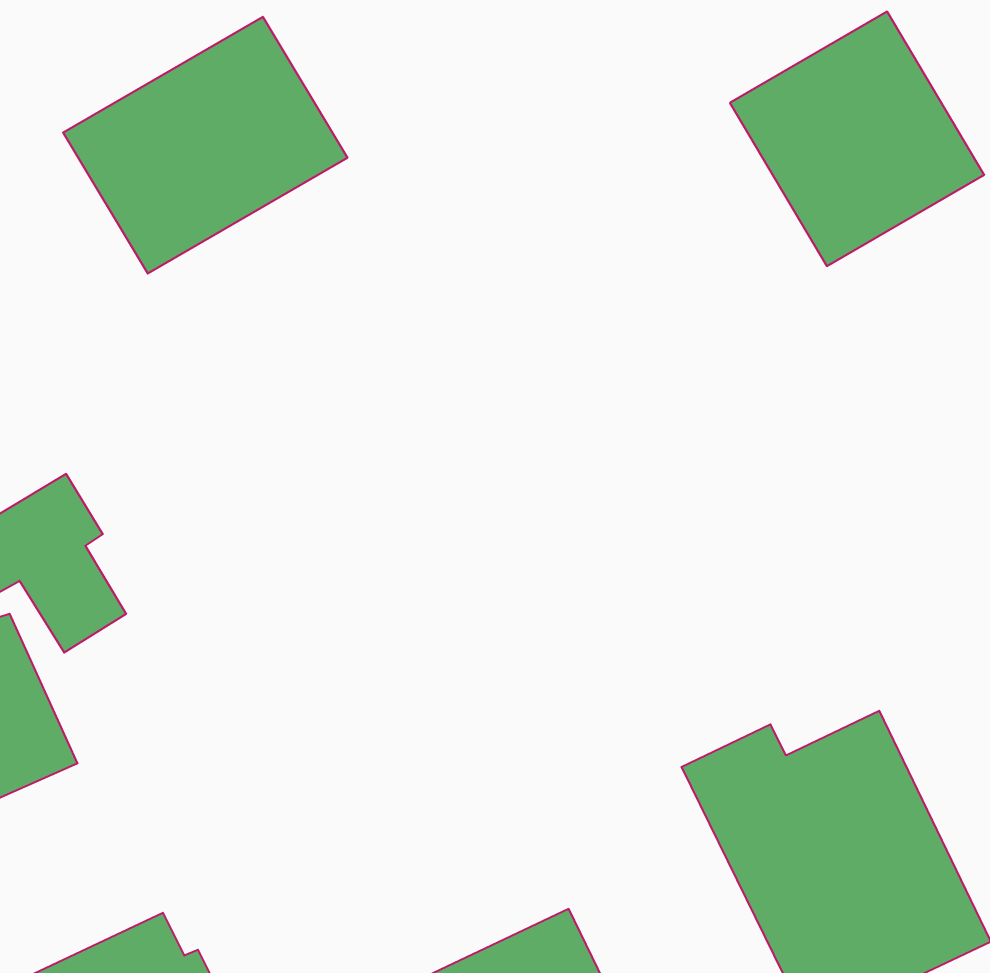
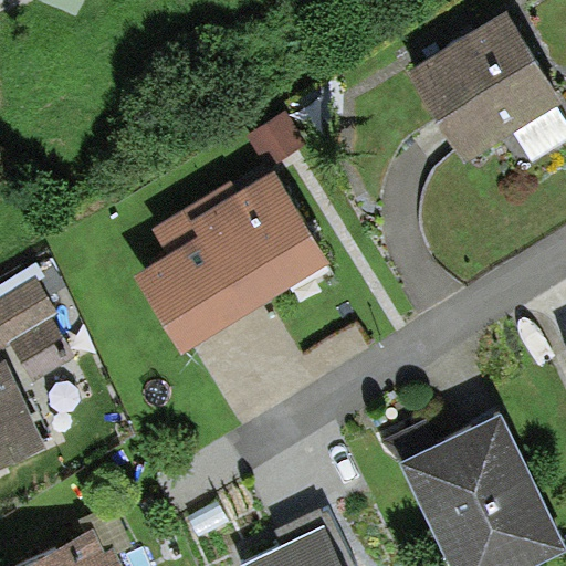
building: [63,17,347,274] -> none
building: none -> [140,178,324,346]

